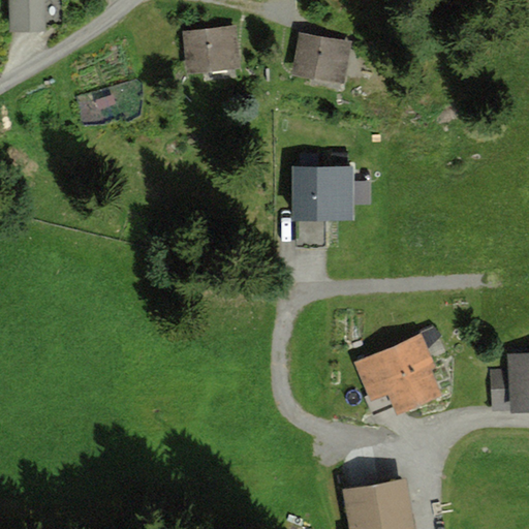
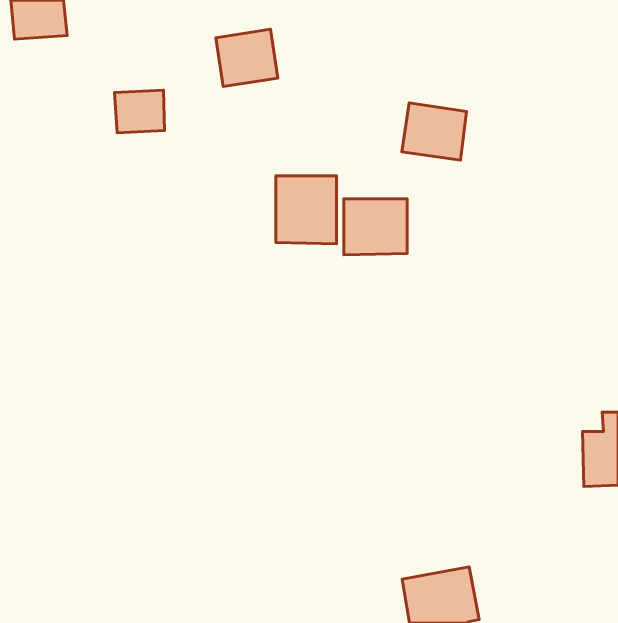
building: [297,31,351,80] -> [402,103,467,160]
building: none -> [276,176,337,244]
building: [357,334,453,414] -> none

